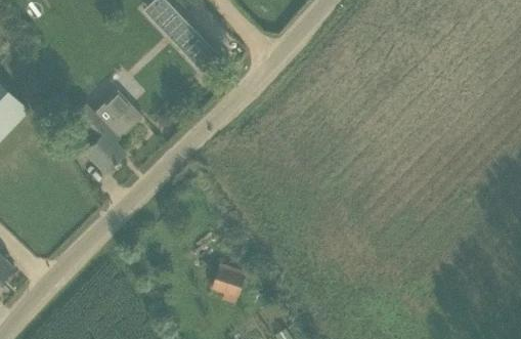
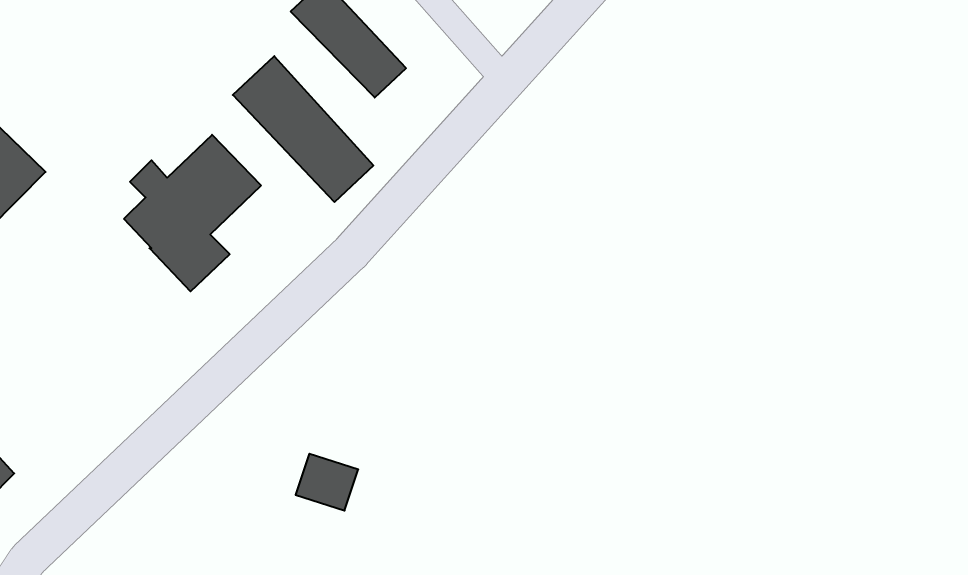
building: none -> [233,56,373,202]
building: [210,264,243,294] -> [296,454,358,511]

